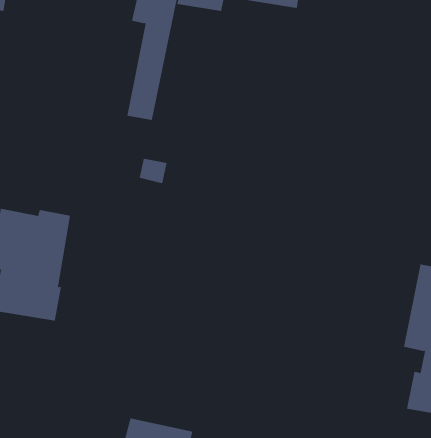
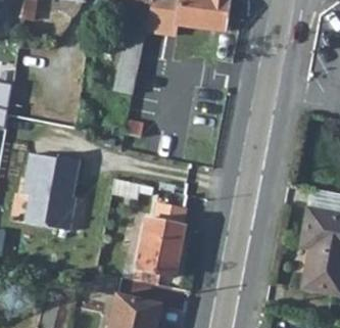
building: none -> [133,204,187,285]

